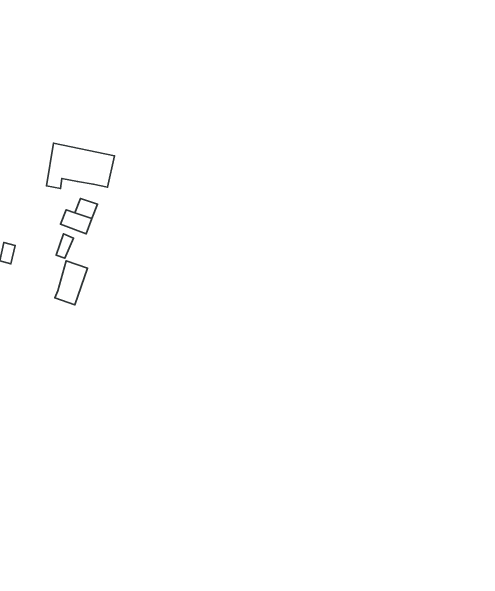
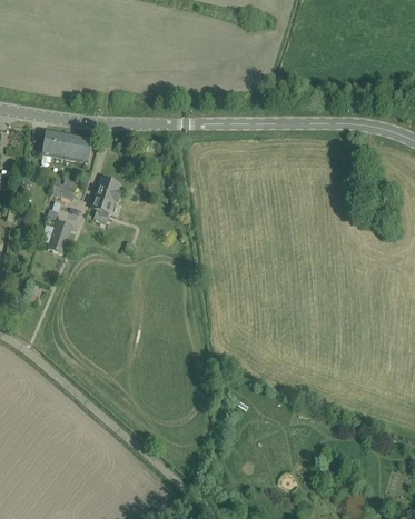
building: none -> [93,178,122,212]

